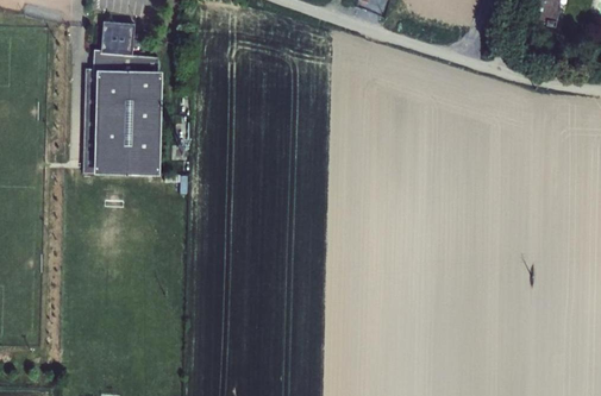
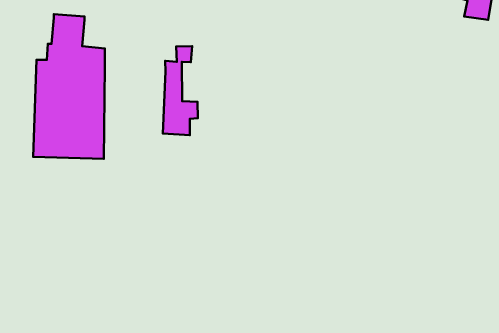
building: none -> [163,46,198,135]

